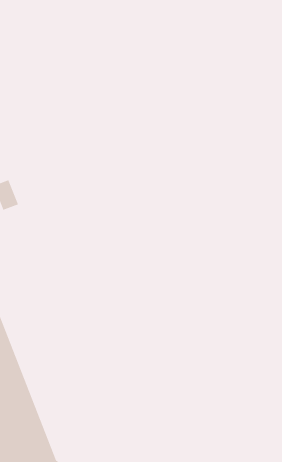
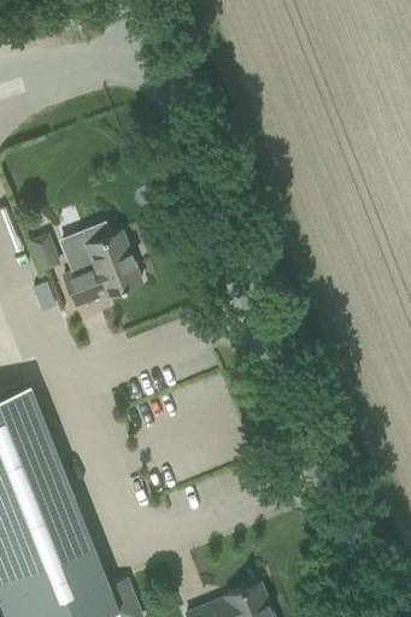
building: none -> [58,235,141,310]

